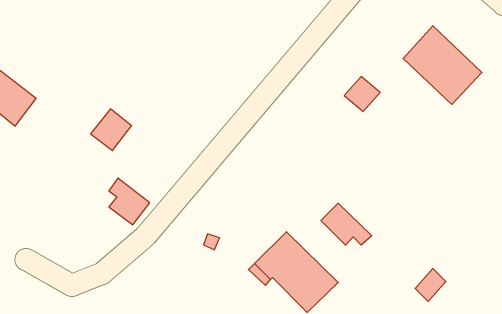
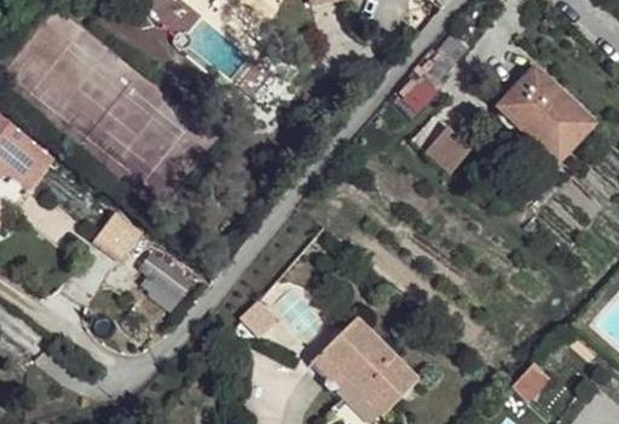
building: [91,109,132,151] -> [92,210,141,261]
building: [321,203,372,245] -> none

